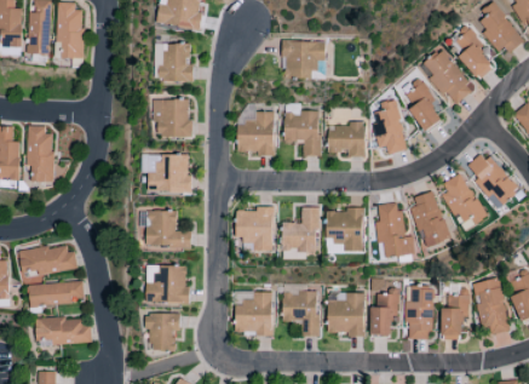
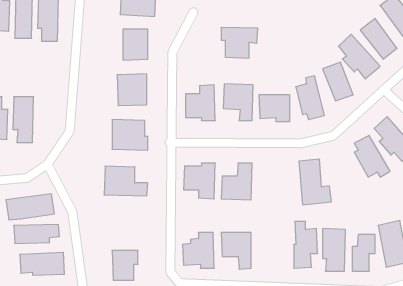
building: [409,190,450,248] -> none
building: [326,207,363,252] -> none
building: [145,265,188,303] -> none
building: [327,292,363,334] -> none

